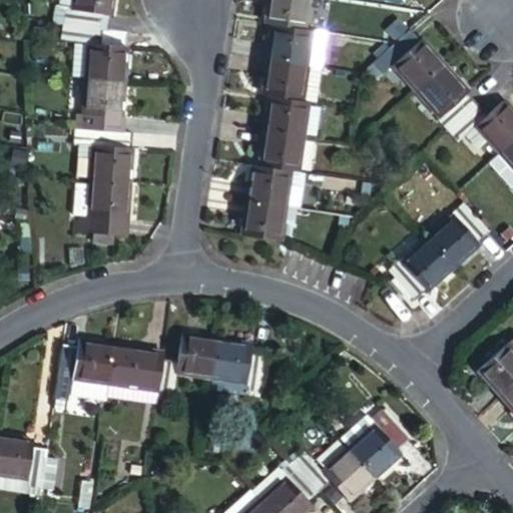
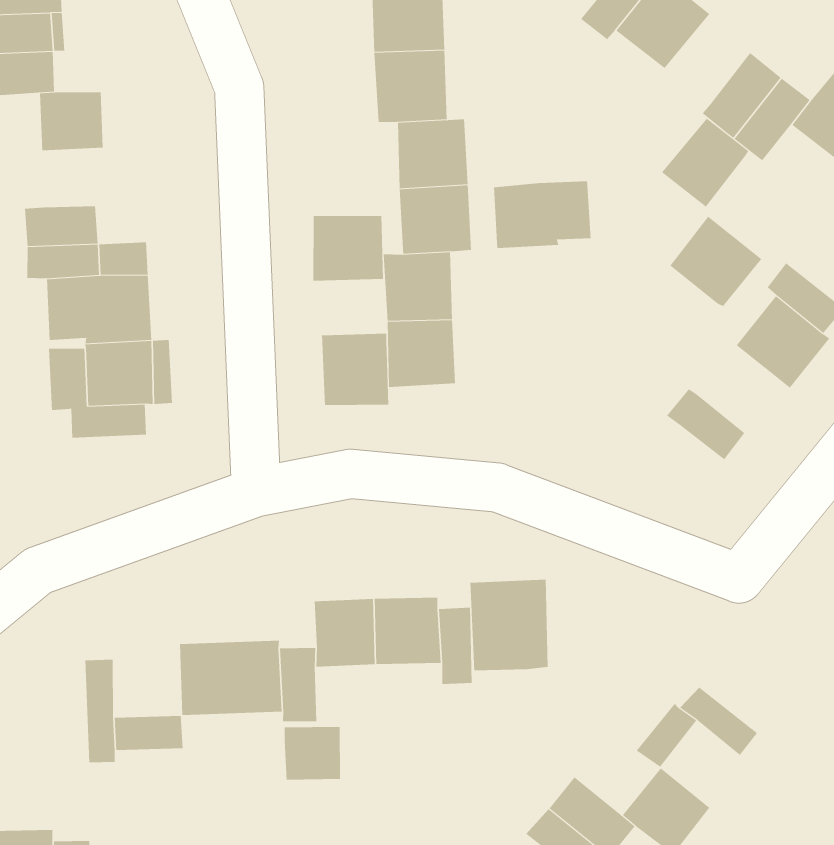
building: [417,70,464,116] -> [661,118,749,207]
building: [85,81,121,114] -> none
building: none -> [313,215,384,281]
building: none -> [494,180,591,249]
building: none -> [321,333,389,406]
building: [405,242,453,291] -> [670,216,762,307]
building: none -> [470,579,548,671]
building: [76,342,116,384] -> none
building: none -> [284,726,341,780]
building: [353,432,398,478] -> none

